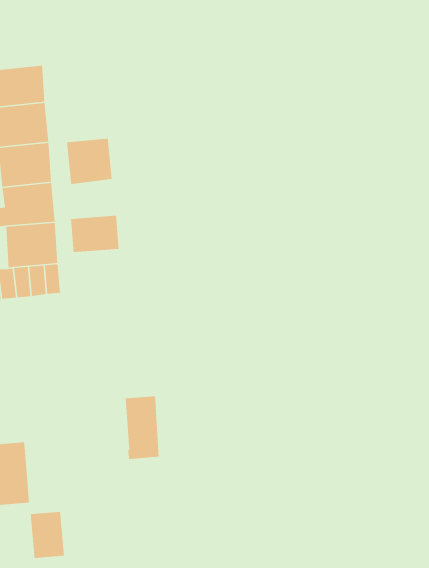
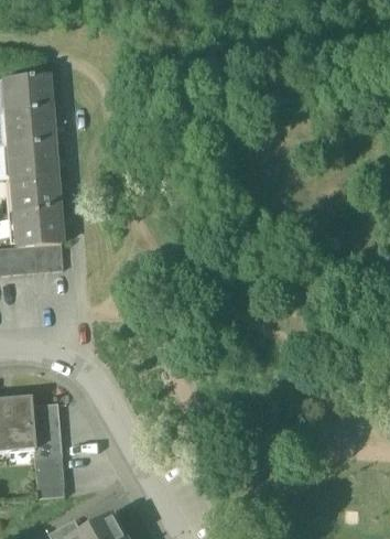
building: [66,138,113,185] -> none
building: [70,215,119,253] -> none
building: [125,395,160,460] -> [32,401,62,456]

